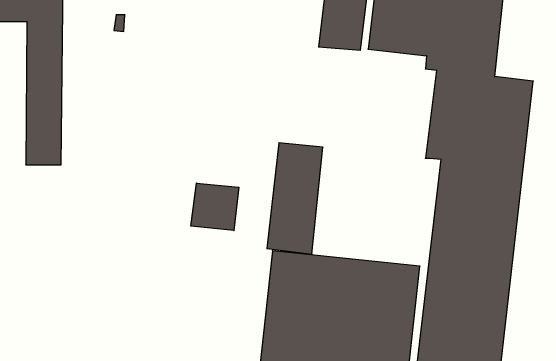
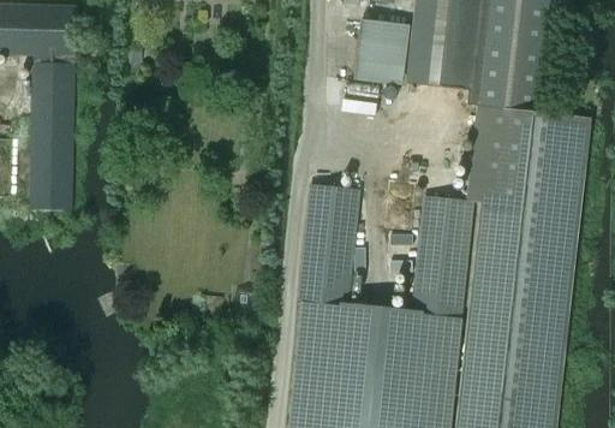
building: none -> [411,197,472,317]
building: [191,183,239,231] -> none

